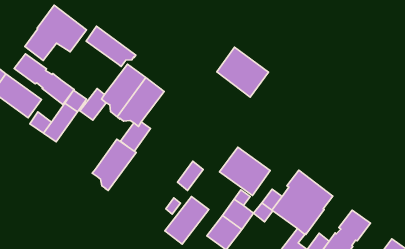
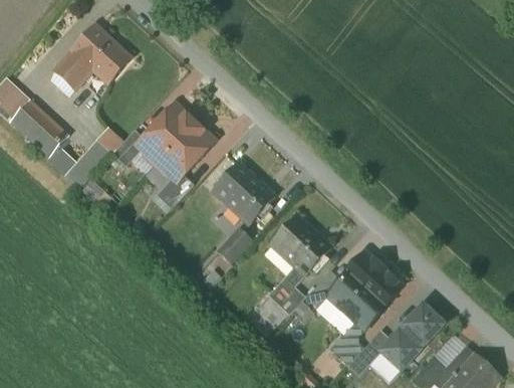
building: [86,26,136,67] -> none
building: [217,47,269,97] -> [214,162,275,223]
building: [14,54,74,105] -> none
building: [92,139,136,191] -> none
building: [165,196,209,244] -> none

